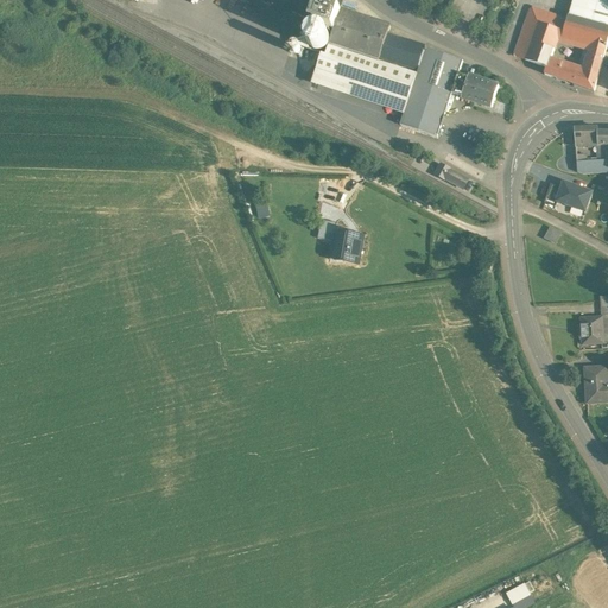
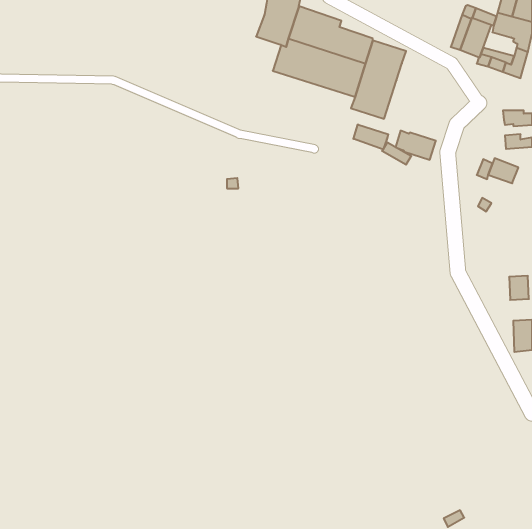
building: [452,72,499,106] -> [395,131,436,160]
building: none -> [353,124,388,149]
building: [330,229,363,262] -> none

